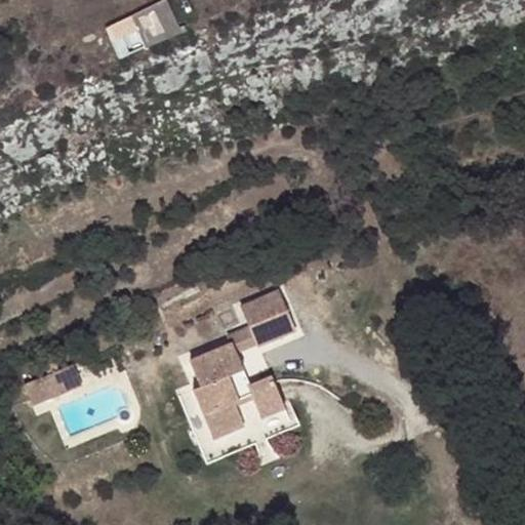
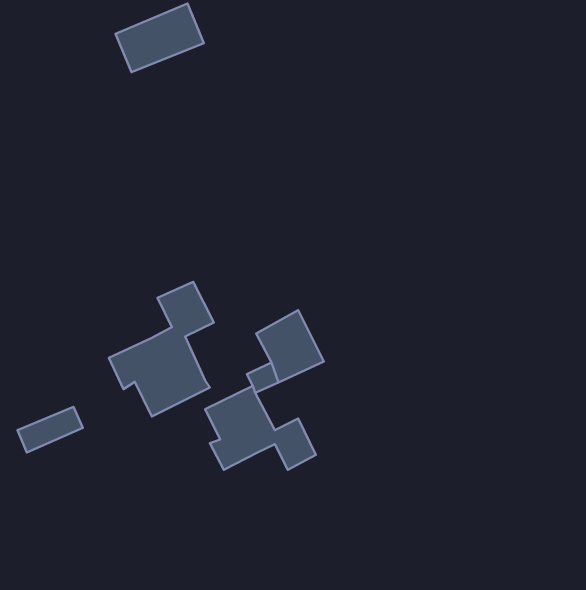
building: none -> [109,282,214,417]
building: [205,403,245,440] -> none

